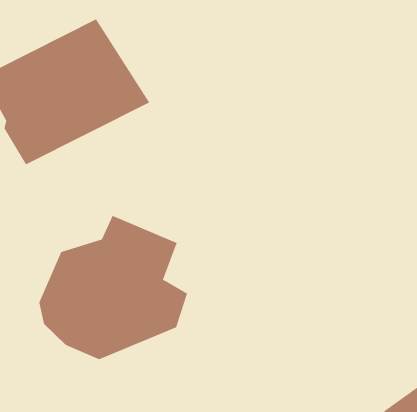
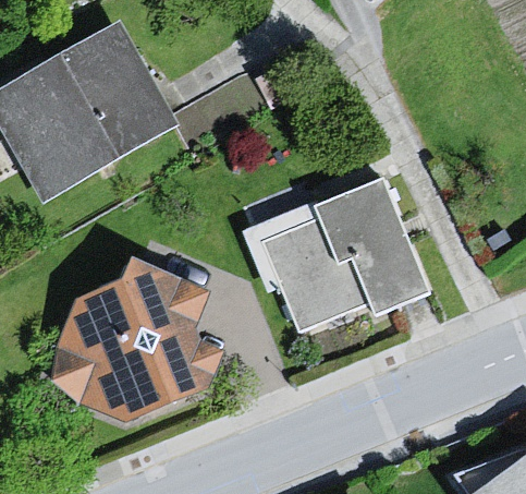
building: none -> [237,178,432,334]

